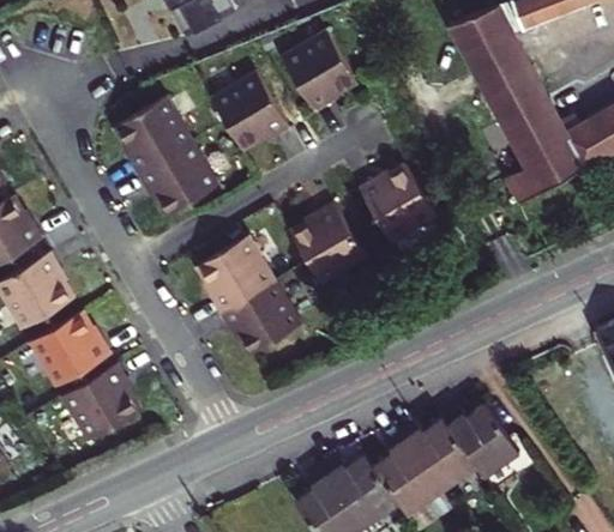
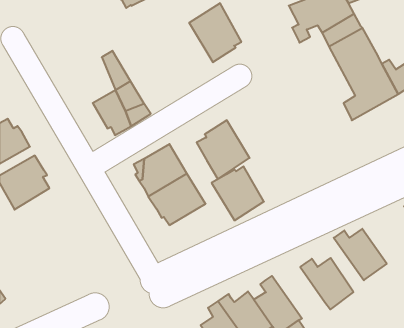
building: [211,73,289,155] -> none
building: [115,108,171,175] -> none
building: [355,164,432,243] -> [212,166,264,220]
building: [31,314,115,388] -> none
building: [65,365,143,445] -> none
building: [401,415,478,490] -> [334,229,387,280]

